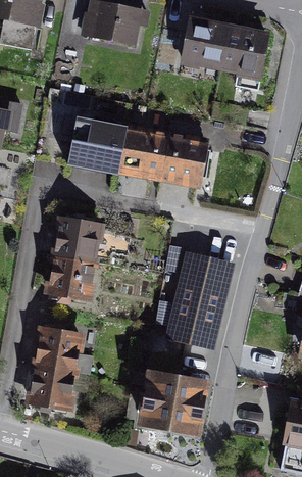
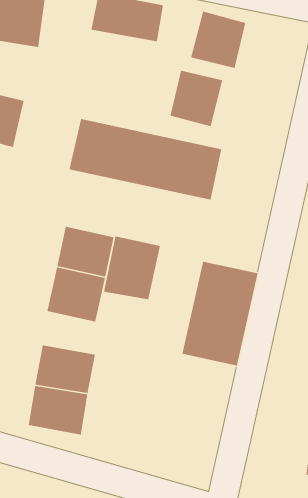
building: [219,28,269,81] -> [169,70,223,127]
building: none -> [103,236,161,300]
building: [132,368,208,439] -> none

